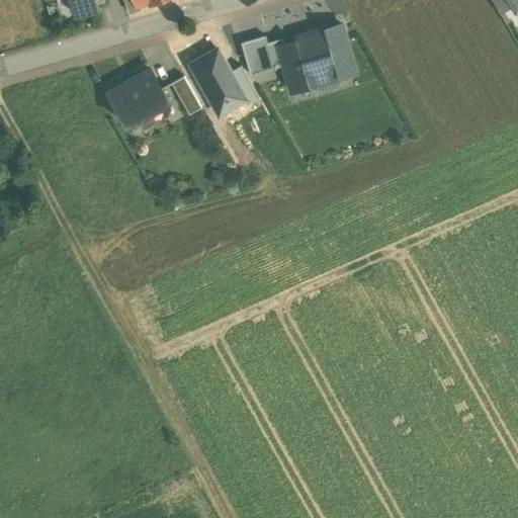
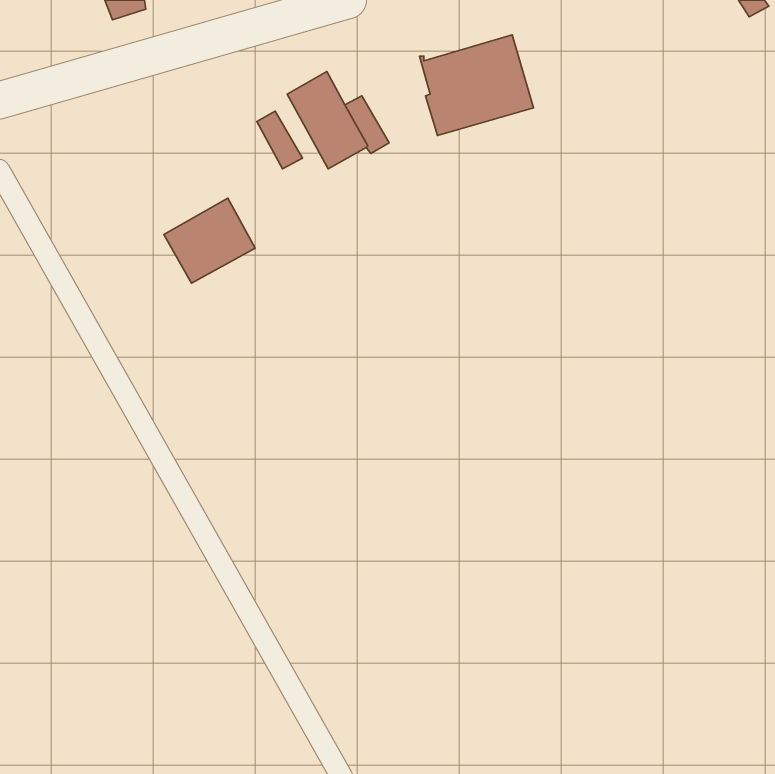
building: [241,37,286,76] -> none
building: [107,69,168,125] -> [164,198,255,283]

